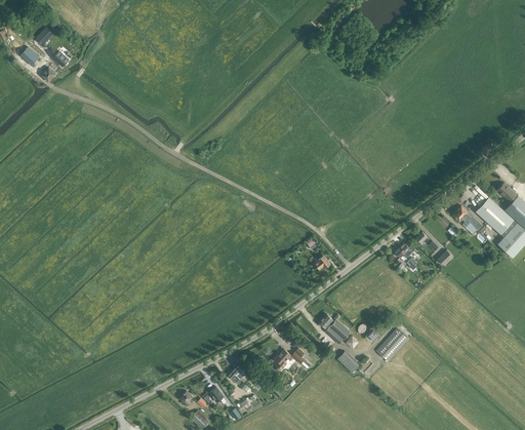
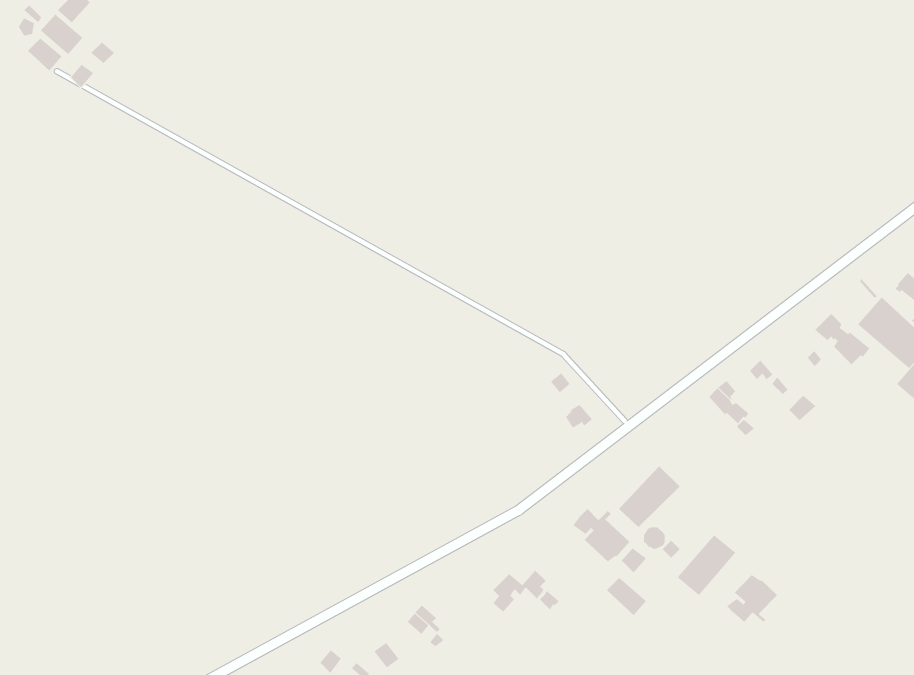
building: none -> [619,465,680,528]
building: none -> [726,574,778,623]

